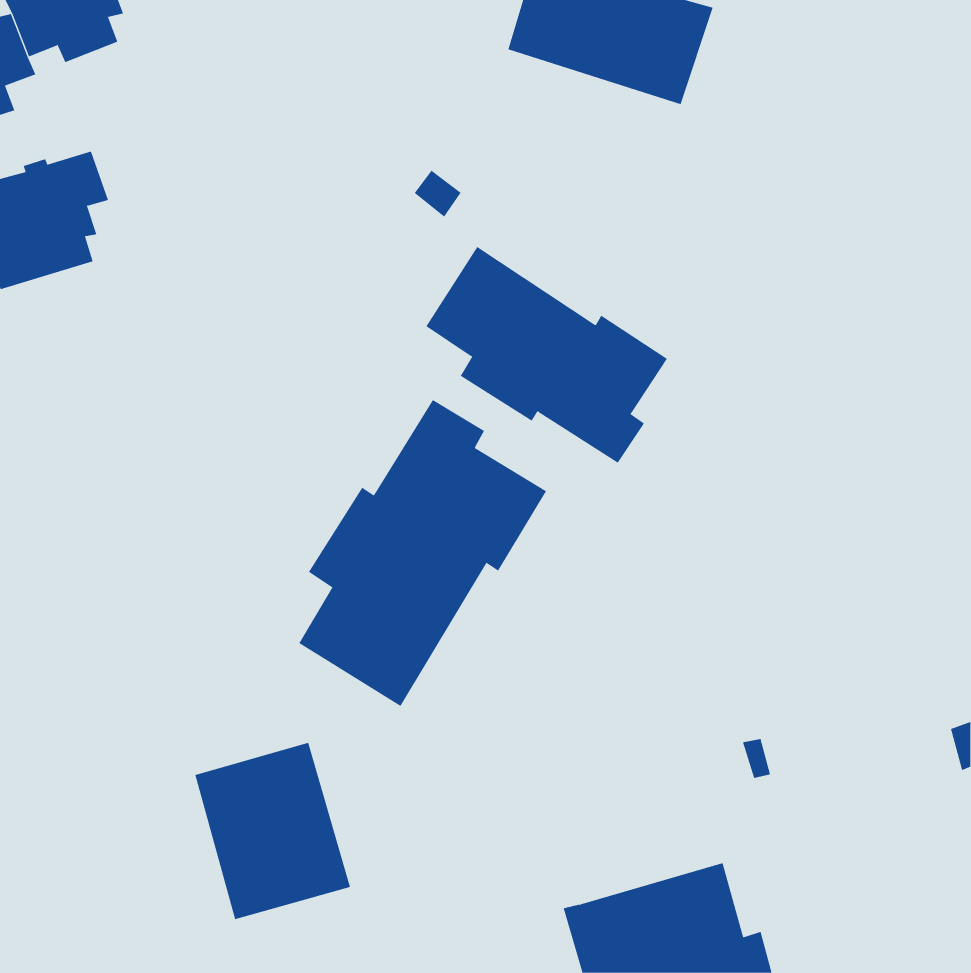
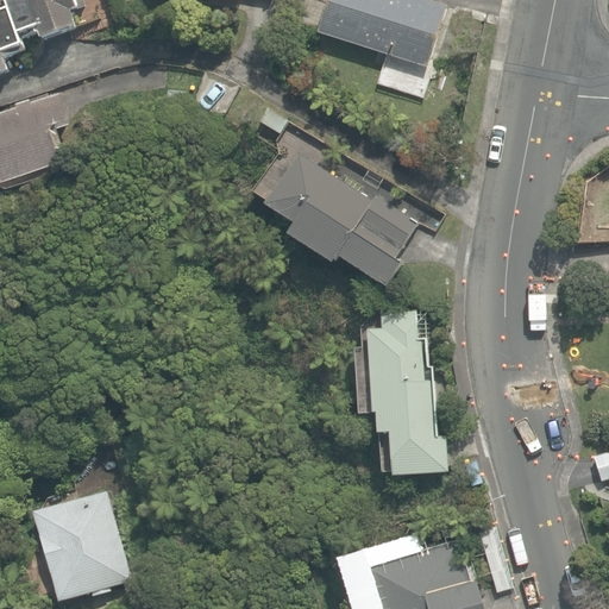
building: [298,399,547,707] -> none
building: none -> [365,309,447,476]
building: [194,742,351,920] -> [33,491,131,602]

